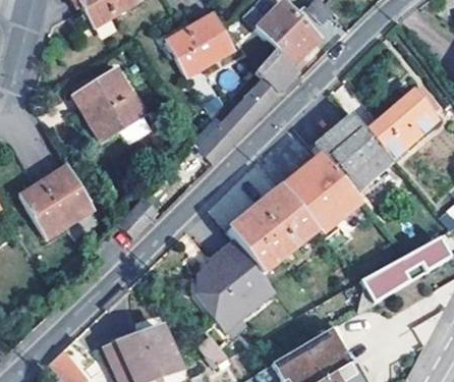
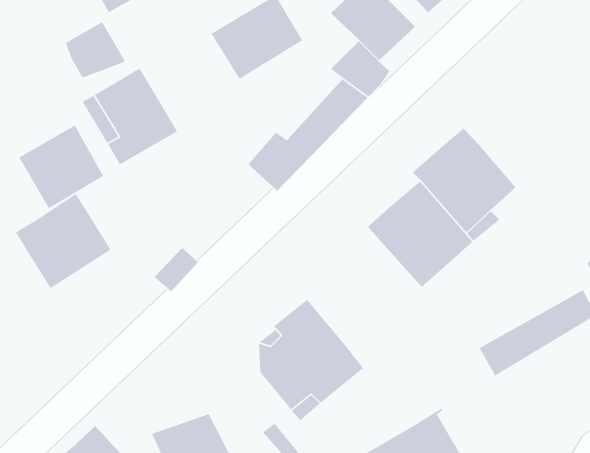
building: none -> [65,21,126,78]
building: [367,86,438,157] -> none
building: none -> [18,124,104,209]
building: [228,187,317,273] -> none

